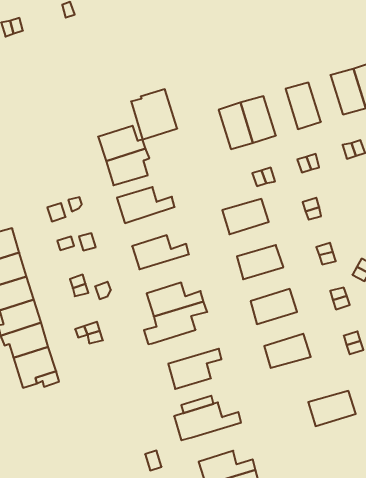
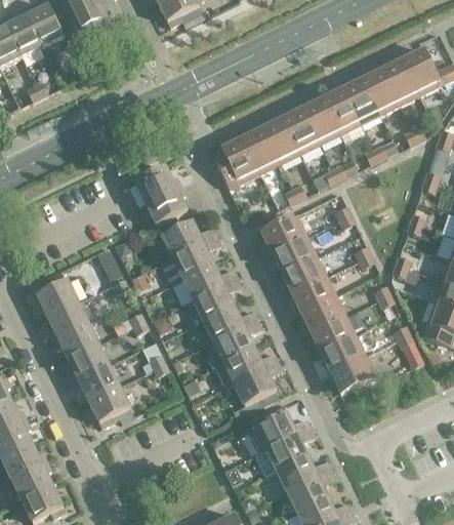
building: none -> [322,88,359,133]
building: none -> [282,108,319,153]
building: [131,89,177,139] -> [212,137,259,188]
building: none -> [171,235,220,278]
building: none -> [271,235,316,272]
building: none -> [192,277,241,320]
building: none -> [290,275,335,312]
building: none -> [309,315,355,352]
building: none -> [214,347,278,387]
building: [308,391,356,426] -> [329,355,375,393]
building: none -> [265,427,314,470]

